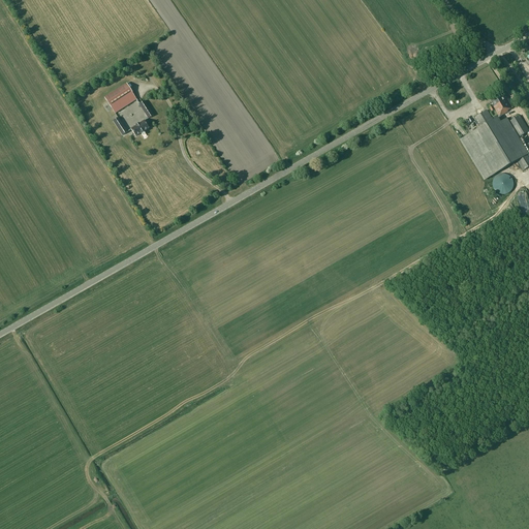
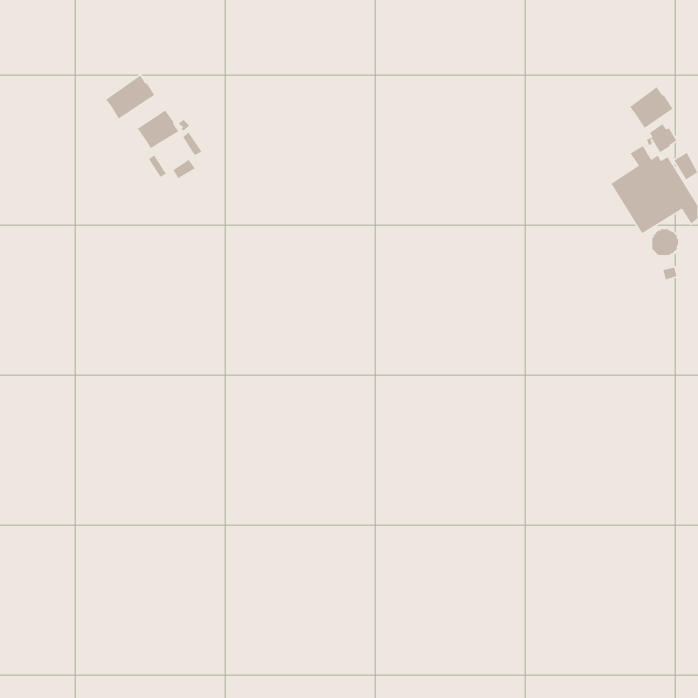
building: none -> [105,75,155,120]
building: none -> [629,86,673,129]

